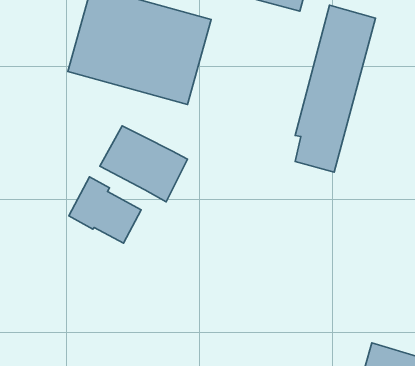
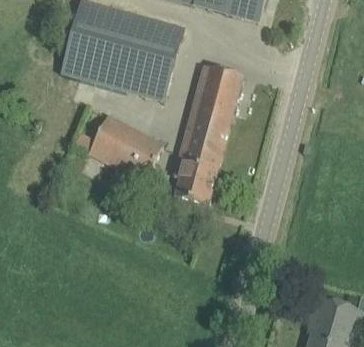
building: [295,5,376,172] -> [174,66,242,207]
building: [69,177,141,243] -> none

